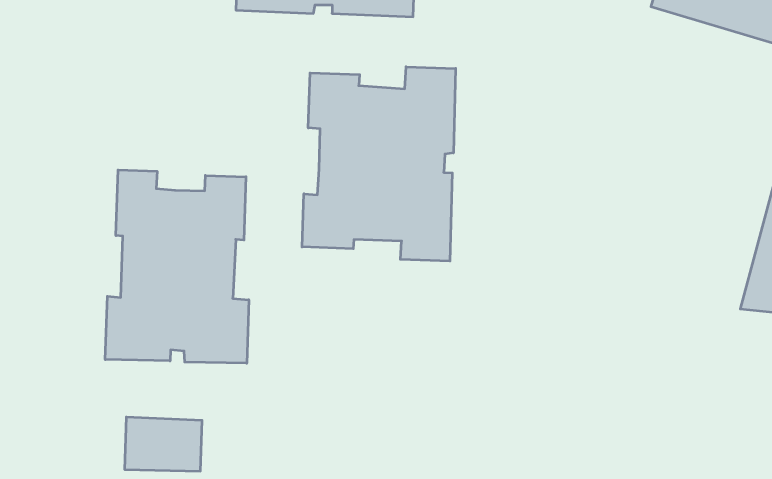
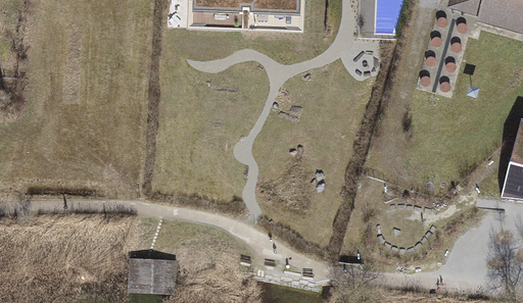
building: [302,67,456,261] -> none
building: [105,170,249,363] -> none

